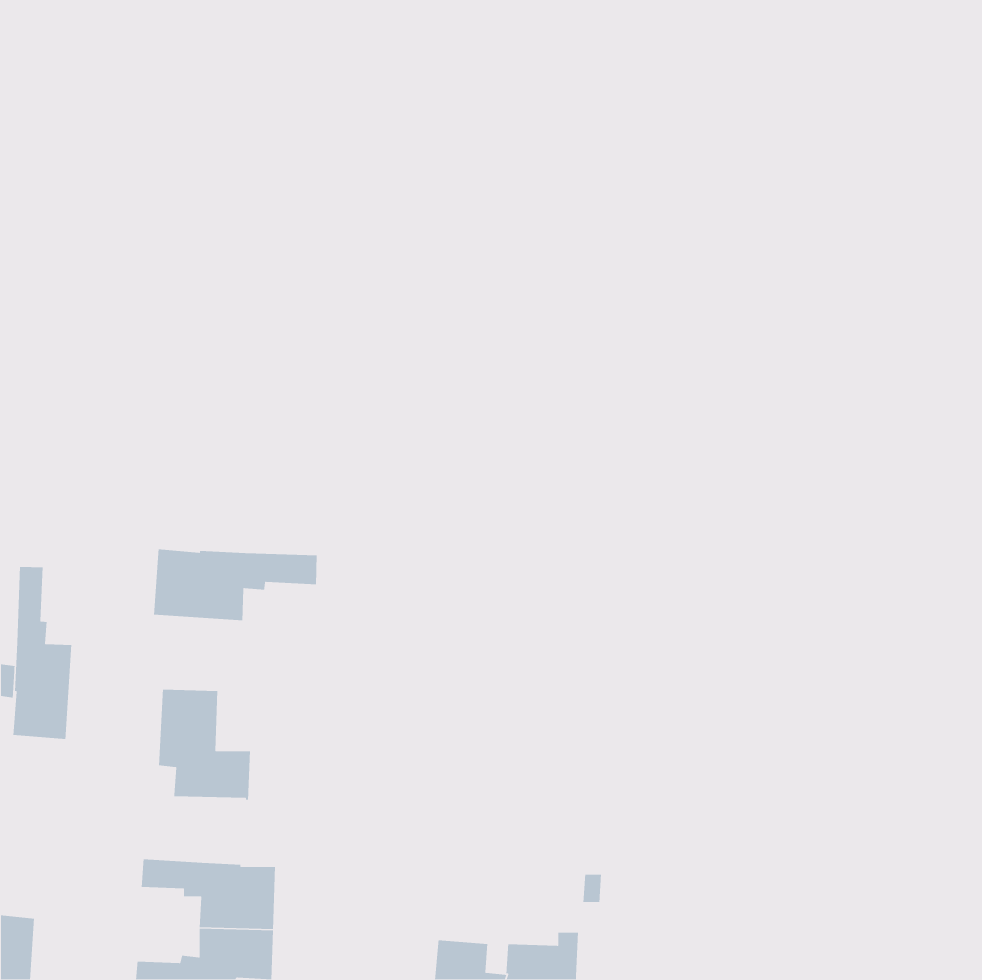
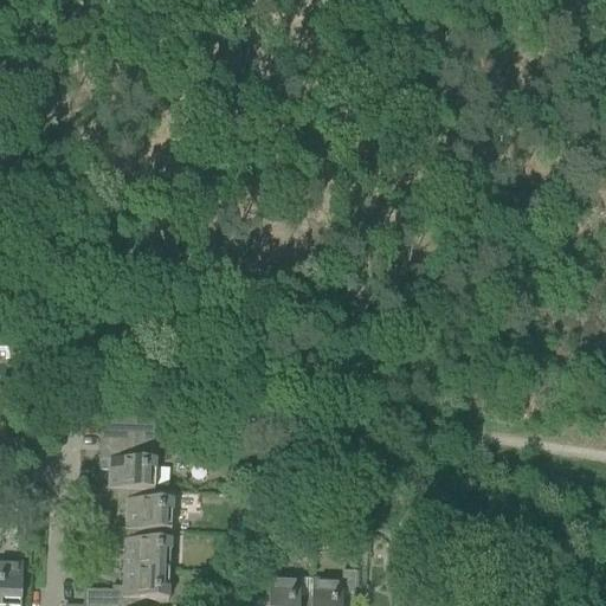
building: [153,549,318,621] -> none
building: [13,566,72,740] -> none
building: none -> [90,488,174,531]

